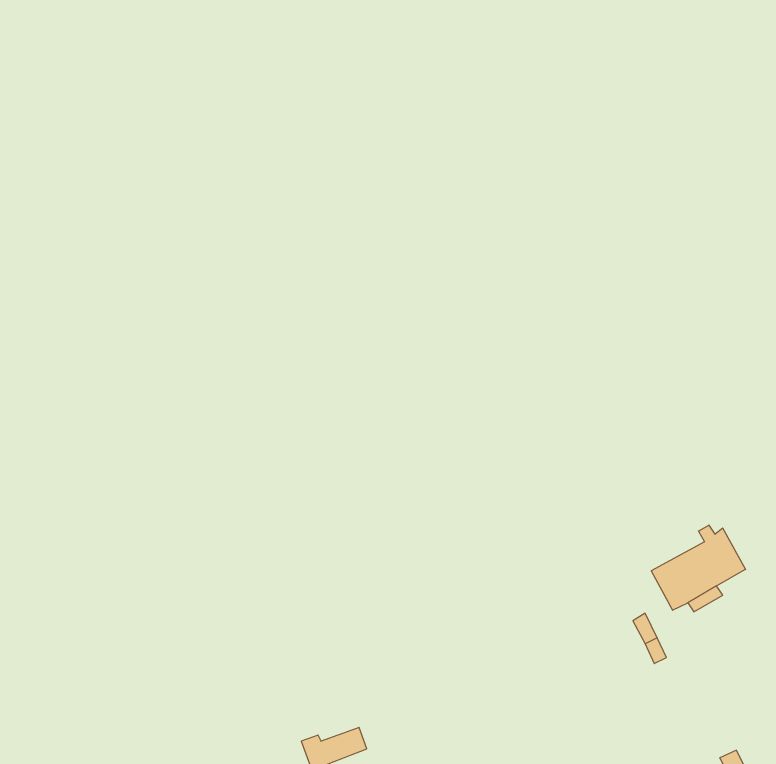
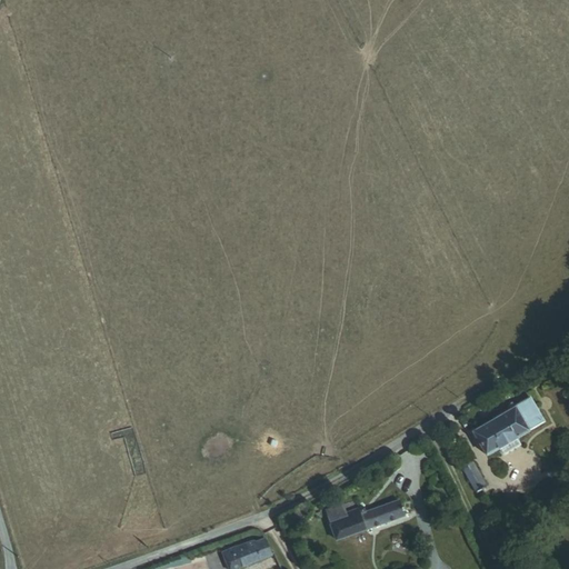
building: none -> [326,498,406,540]

